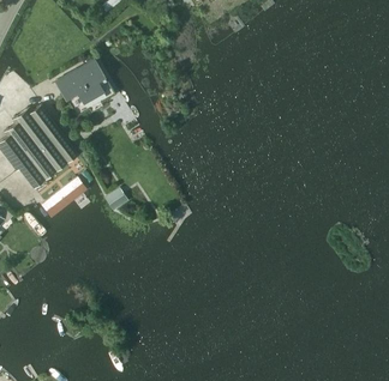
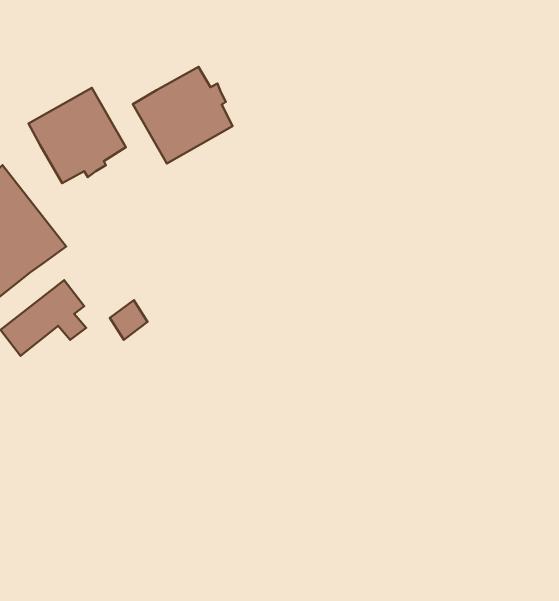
building: none -> [133,67,232,163]

